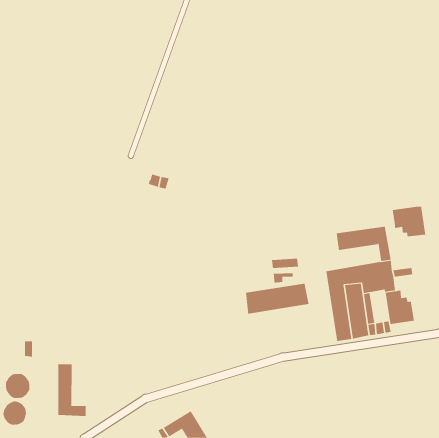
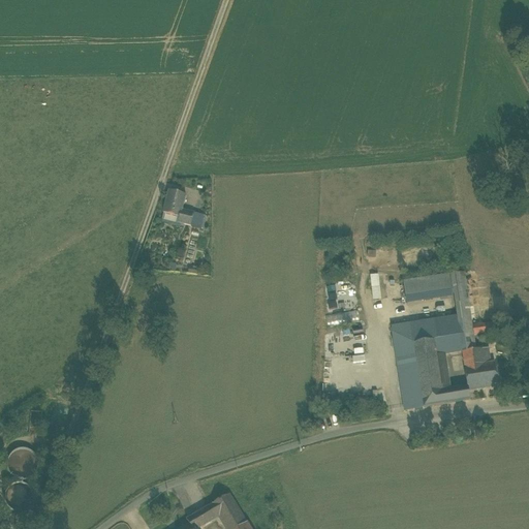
building: none -> [162,190,185,216]
building: [392,206,426,237] -> none
building: [245,283,309,314] -> none
building: [58,364,86,417] -> none

